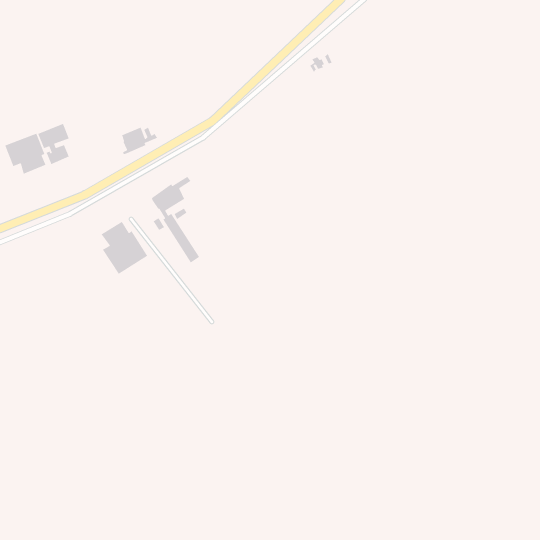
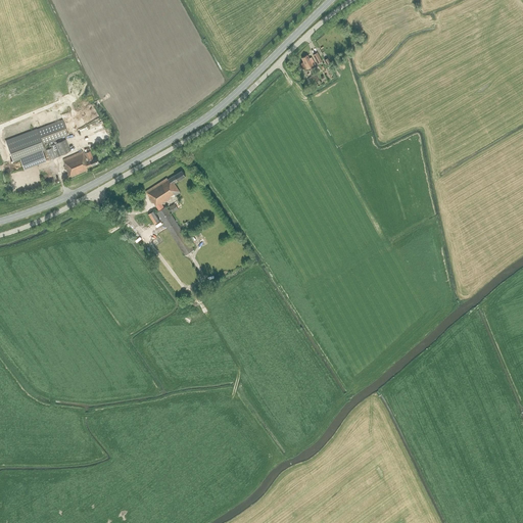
building: [121,126,158,155] -> [62,150,98,178]
building: [101,221,148,275] -> none

